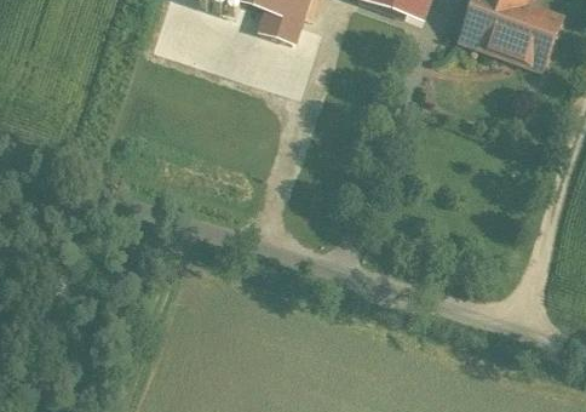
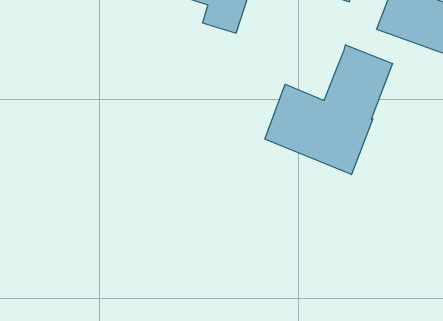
building: none -> [265,45,393,175]

